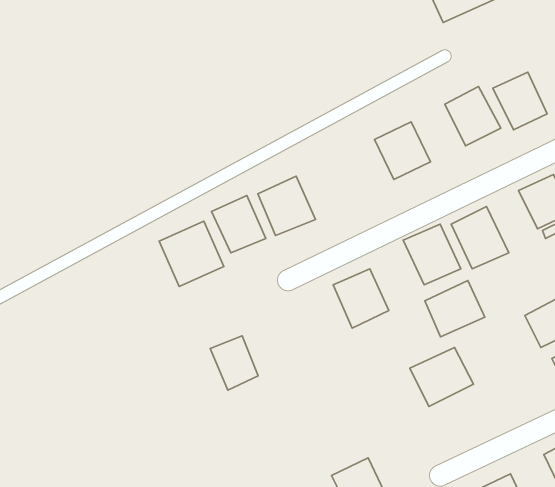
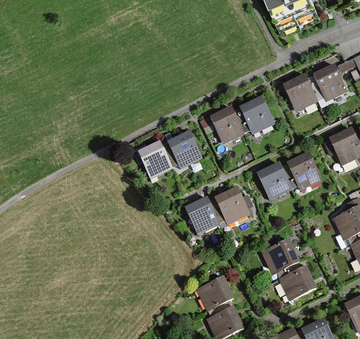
building: none -> [209,106,244,143]
building: [159,221,224,287] -> none
building: [425,281,485,337] -> none
building: [210,336,258,390] -> [187,198,217,232]
building: none -> [279,266,312,298]
building: none -> [200,275,233,306]

